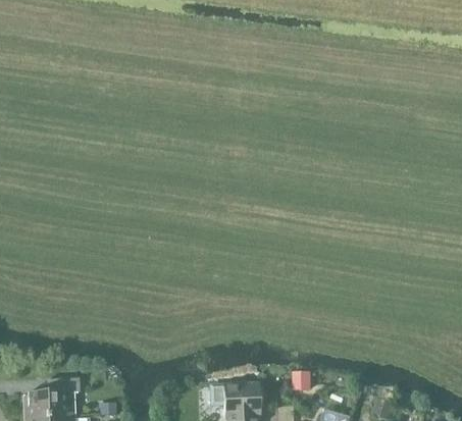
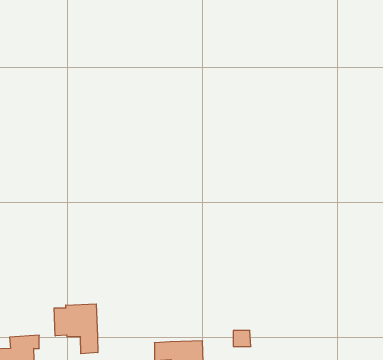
building: none -> [54,304,98,354]

